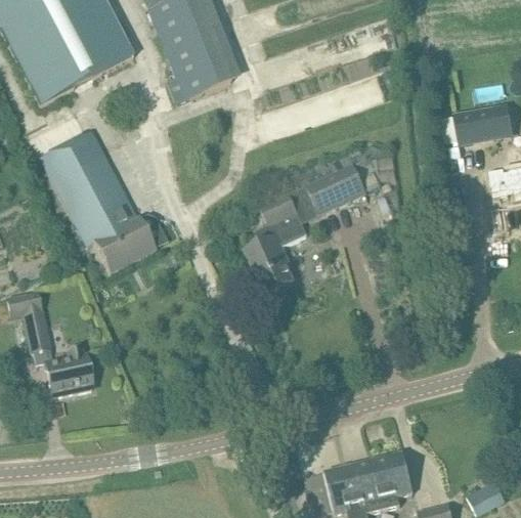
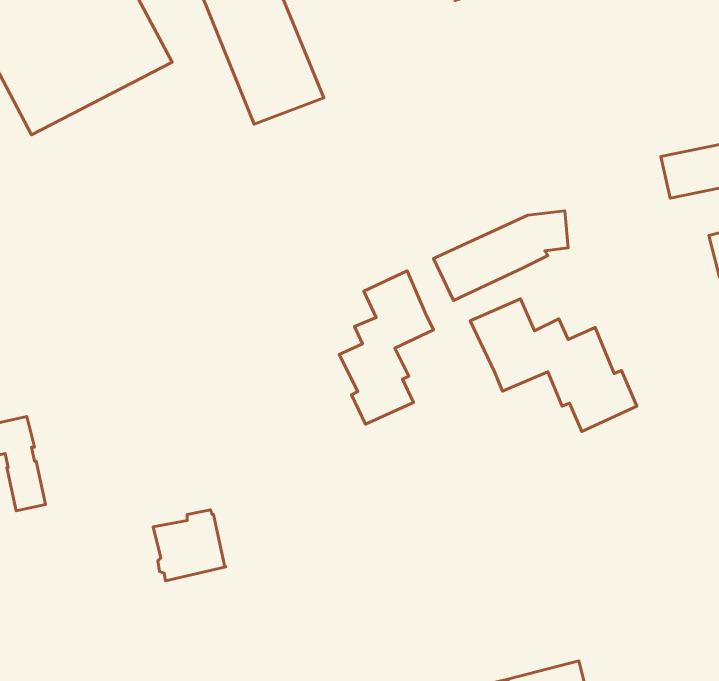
building: [40,129,157,272] -> none
building: none -> [470,299,637,431]
building: [45,349,93,396] -> [153,510,226,581]

